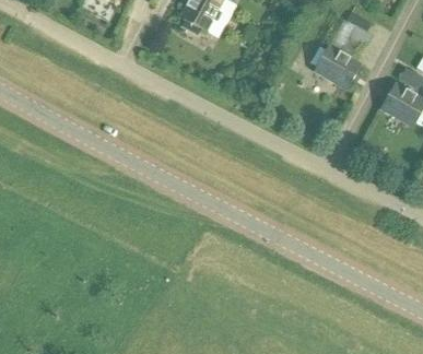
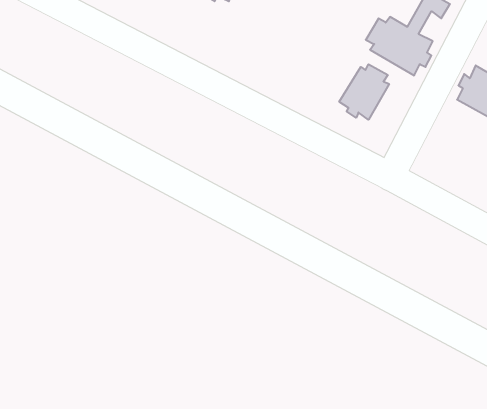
building: none -> [339,64,389,120]

